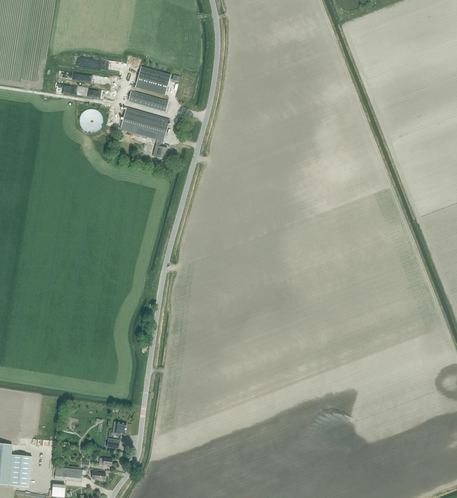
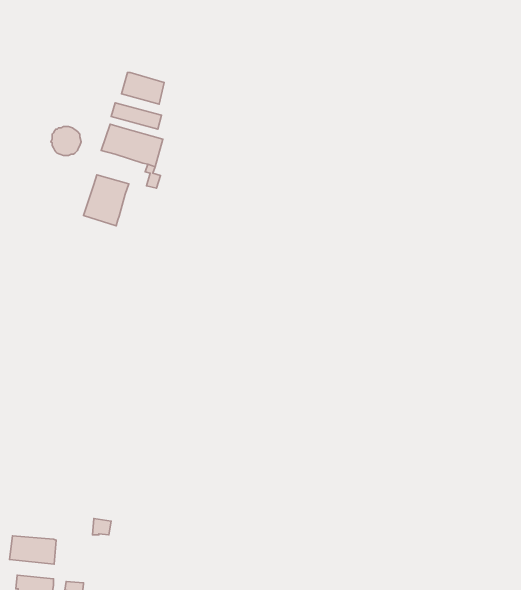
building: none -> [84,175,129,226]
building: none -> [9,536,56,564]

